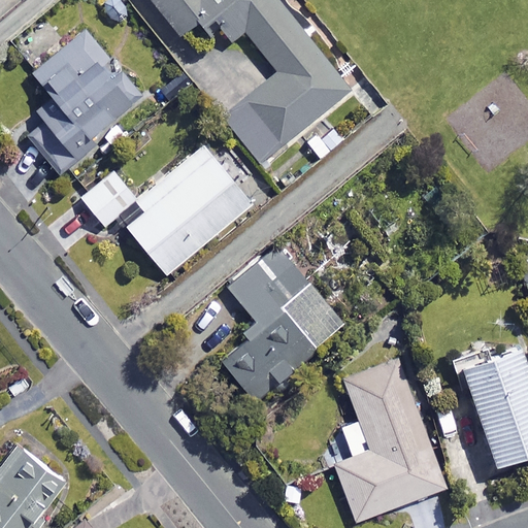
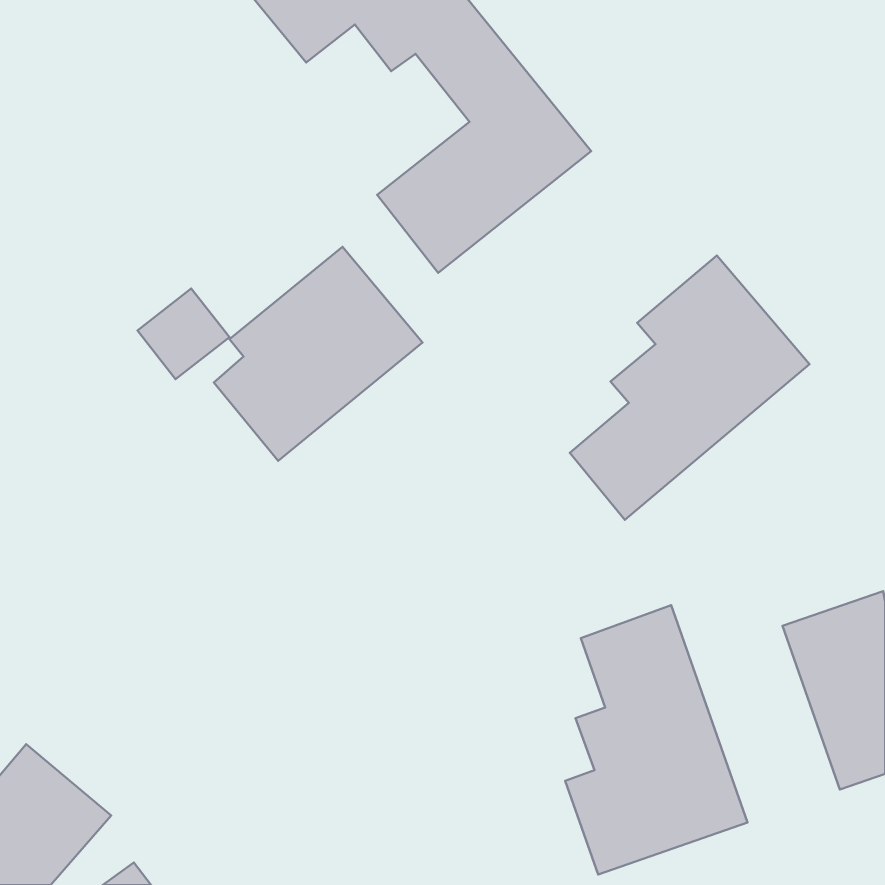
building: [28,29,142,172] -> none
building: none -> [570,255,809,520]
building: [222,244,343,415] -> none

